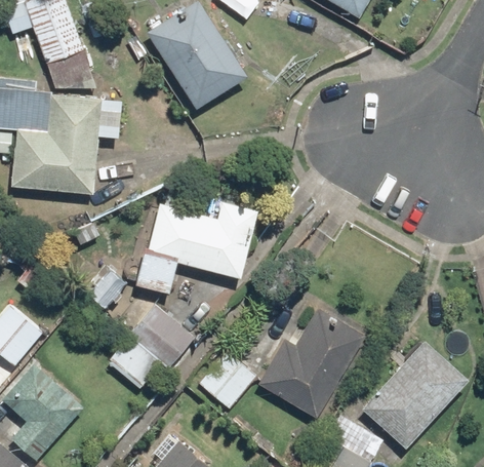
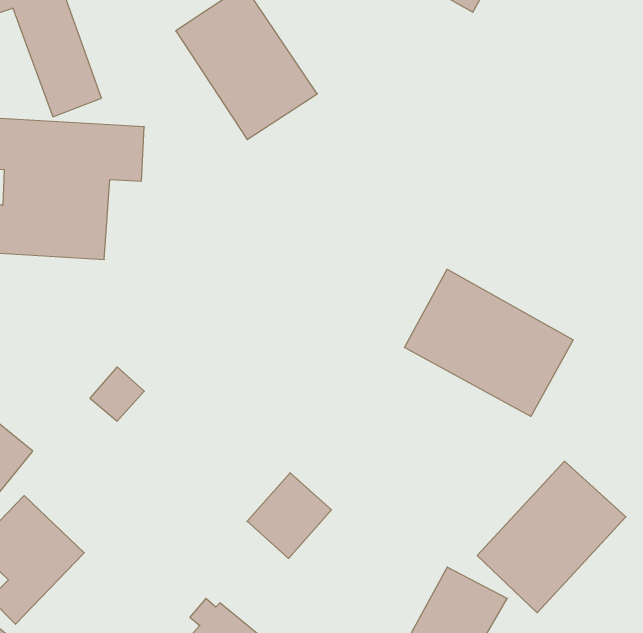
building: [135,189,254,293] -> none
building: none -> [405,269,573,416]
building: [107,306,194,388] -> none
building: [255,310,363,419] -> none

